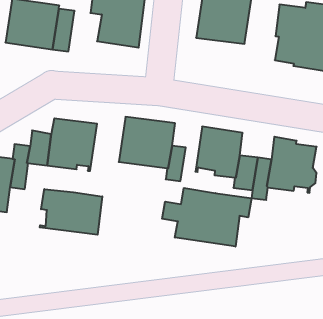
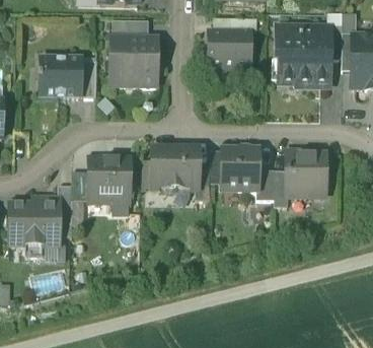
building: [162,188,252,247] -> none
building: [40,189,102,235] -> none

